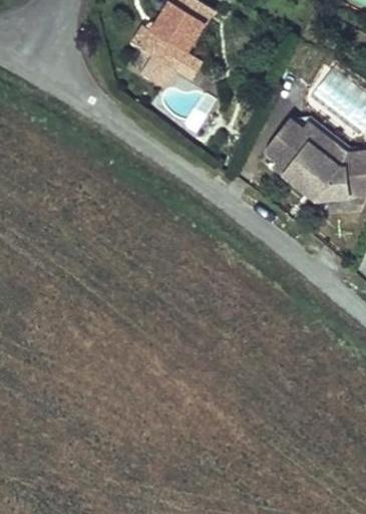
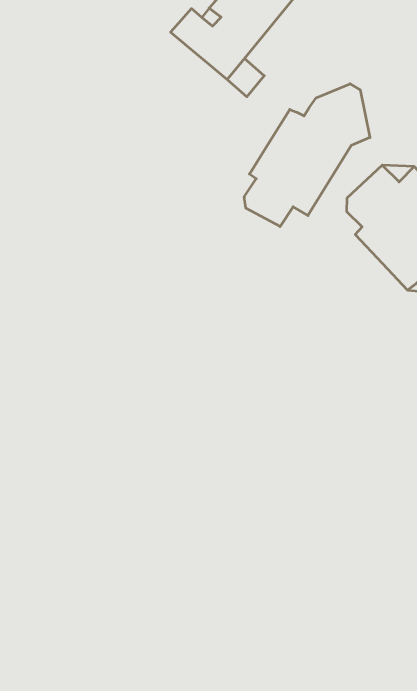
building: none -> [244,84,370,227]

